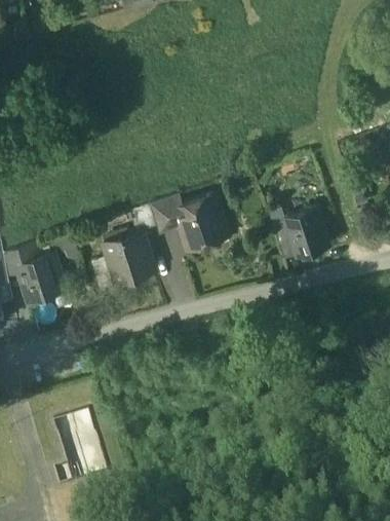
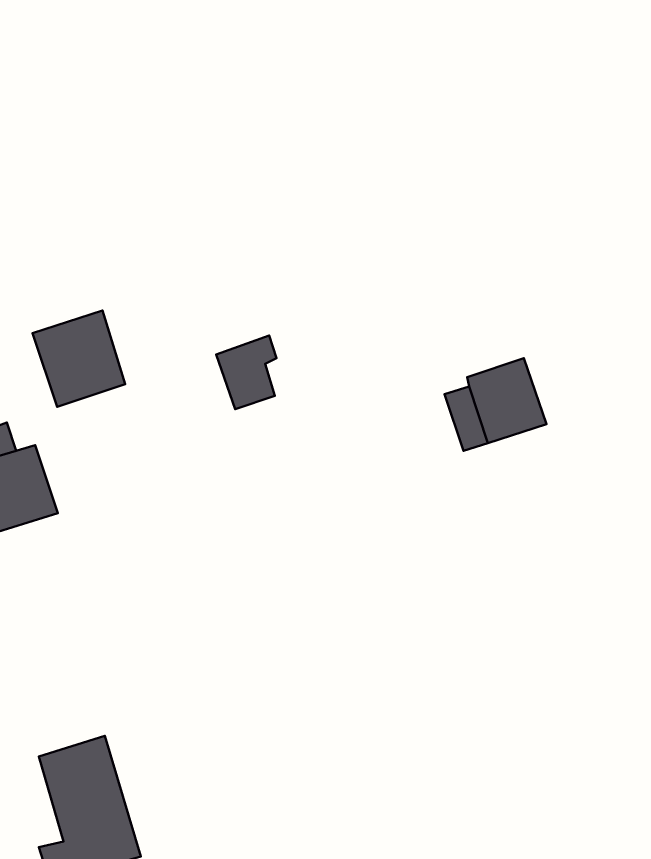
building: [174,197,226,249] -> none
building: [103,231,153,284] -> [33,310,125,407]

